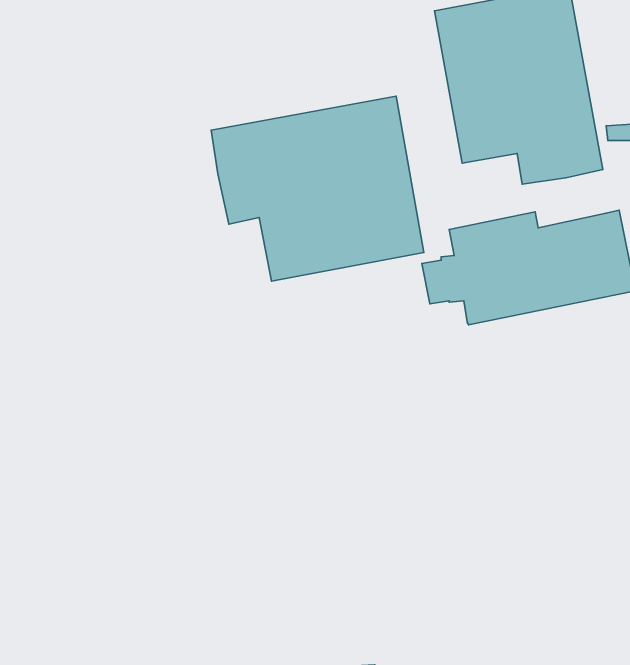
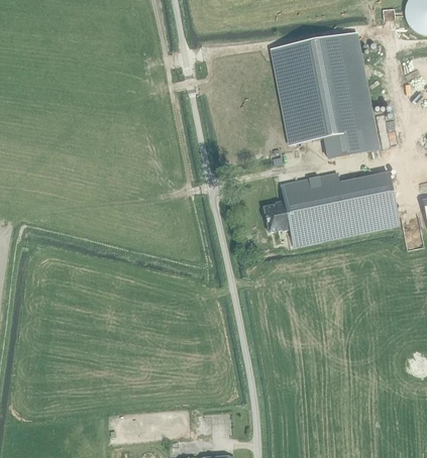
building: [211,96,424,281] -> none

